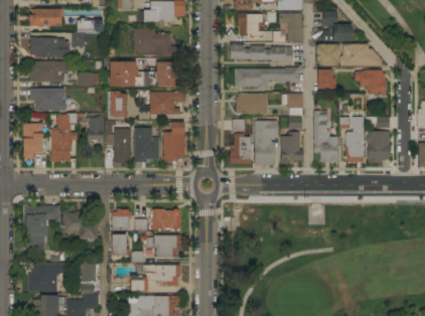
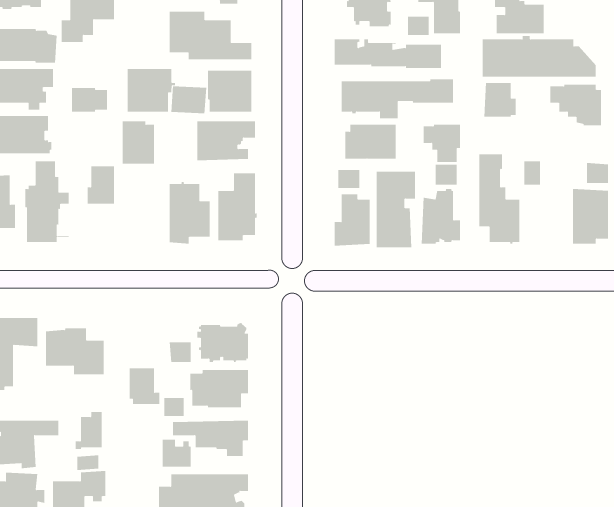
building: [344,117,363,162] -> none
building: [104,120,131,163] -> none
building: [111,208,131,229] -> none

